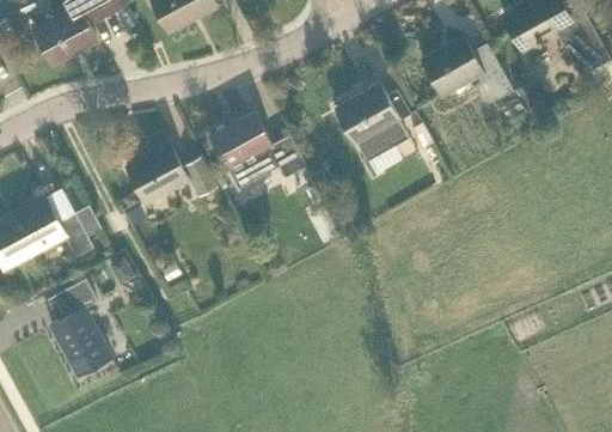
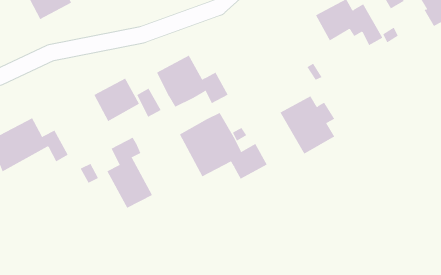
building: [336,84,410,163] -> [280,95,335,155]
building: none -> [179,112,268,180]
building: [50,280,112,376] -> [106,137,153,209]

